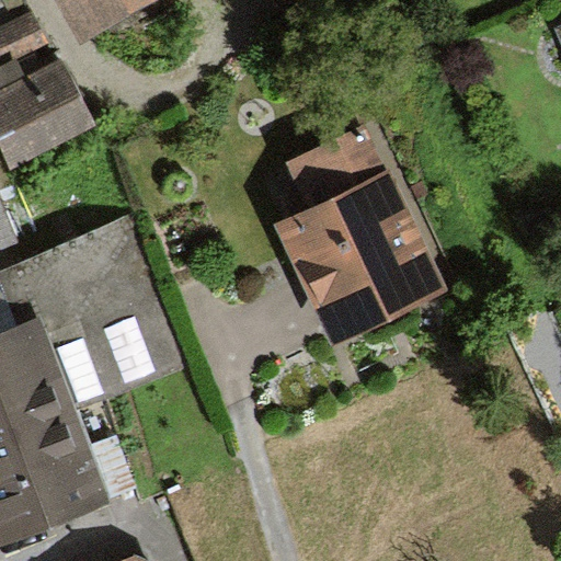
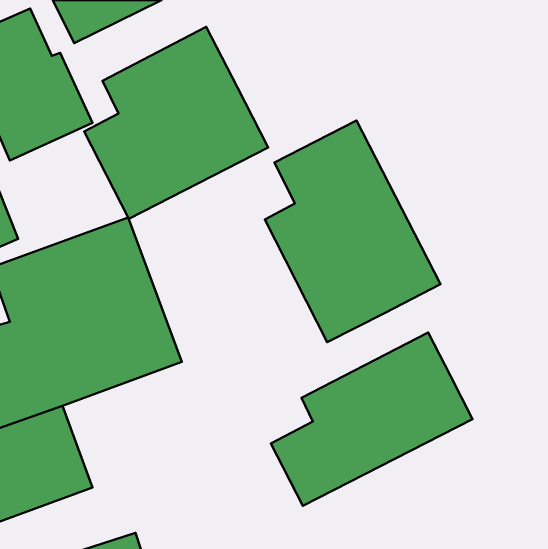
building: none -> [84,27,268,219]
building: none -> [271,332,472,506]

